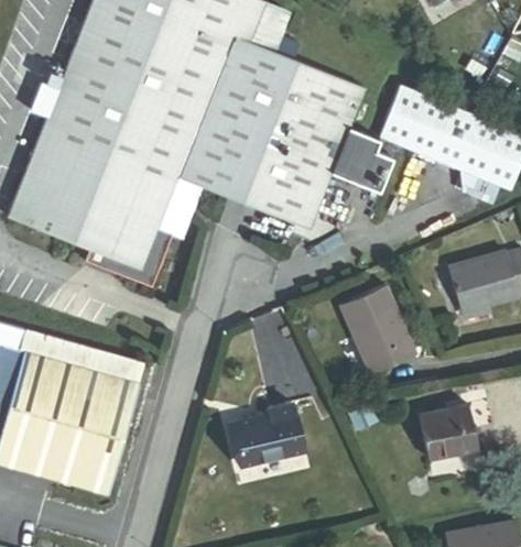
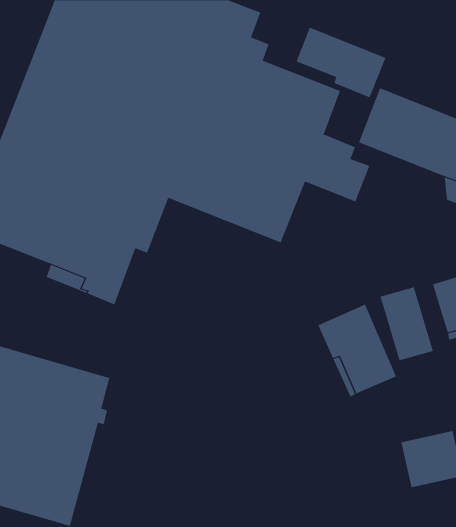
building: none -> [296,27,386,98]
building: none -> [380,286,434,361]
building: [232,405,303,467] -> none

